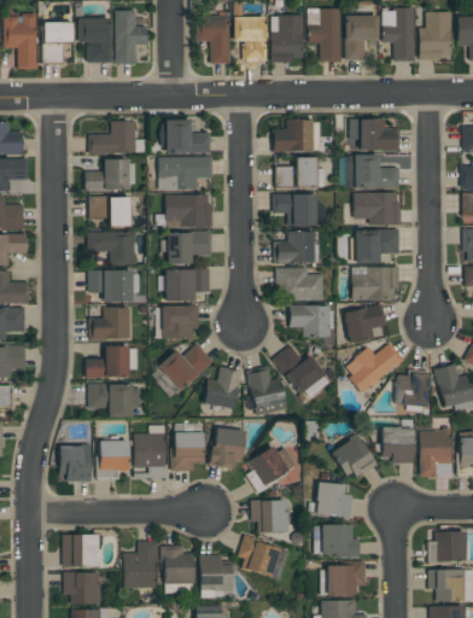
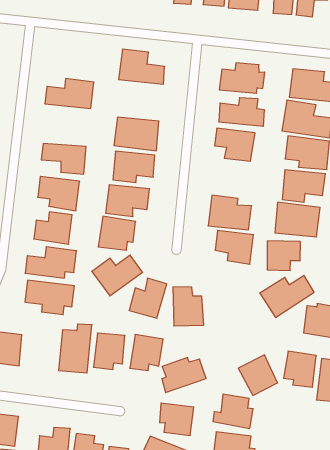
building: [89,121,136,154] -> none
building: [158,157,212,191] -> none
building: [89,197,130,227] -> none
building: [274,232,314,263] -> none
building: [274,345,331,401] -> none
building: [98,441,129,478] -> none

